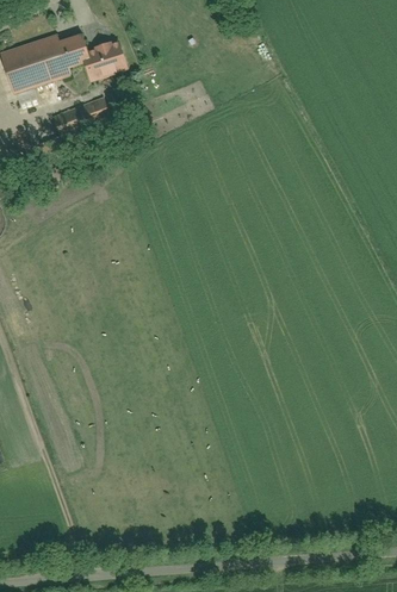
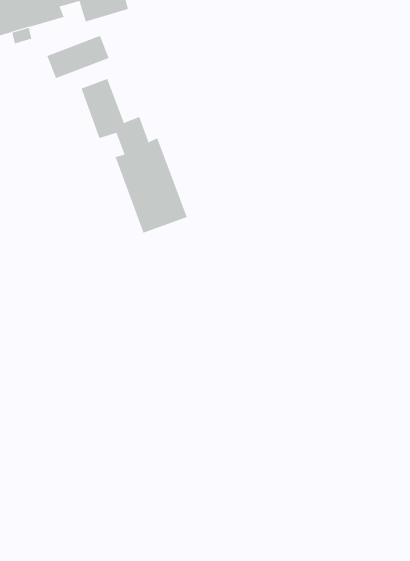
building: none -> [81,78,188,234]

